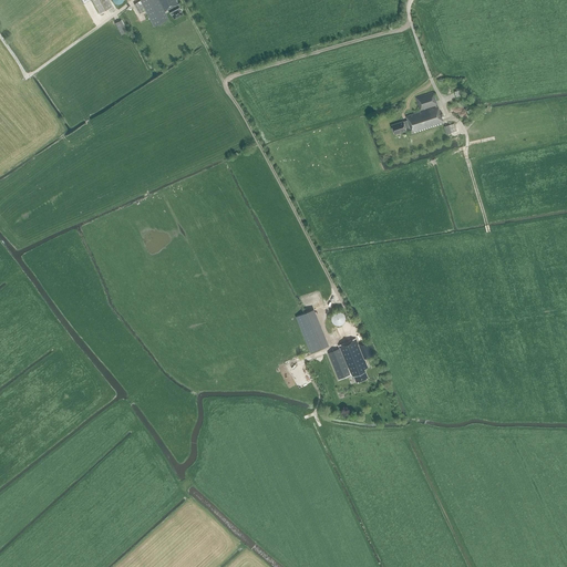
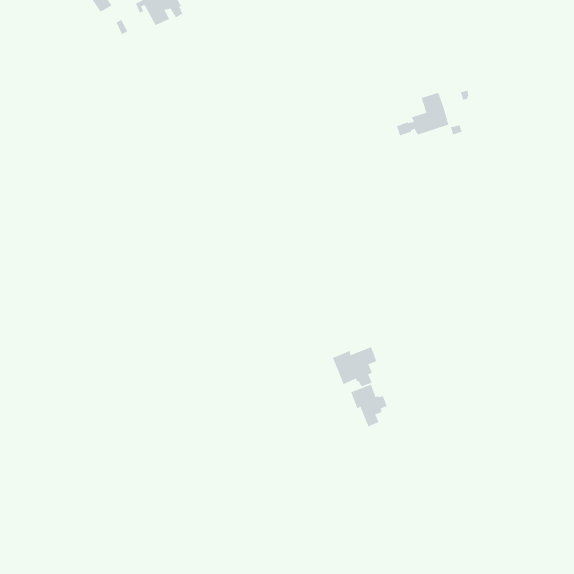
building: [295,307,328,351] -> none
building: none -> [351,384,387,427]

